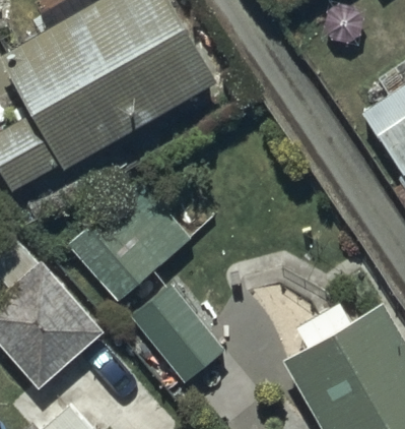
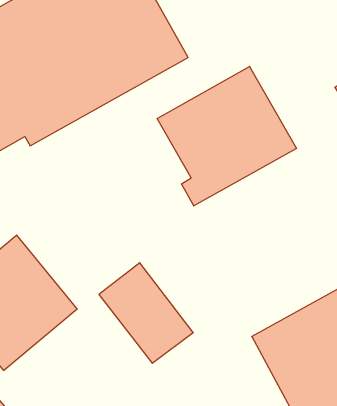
building: none -> [157,66,297,206]
building: [67,181,193,306] -> none

